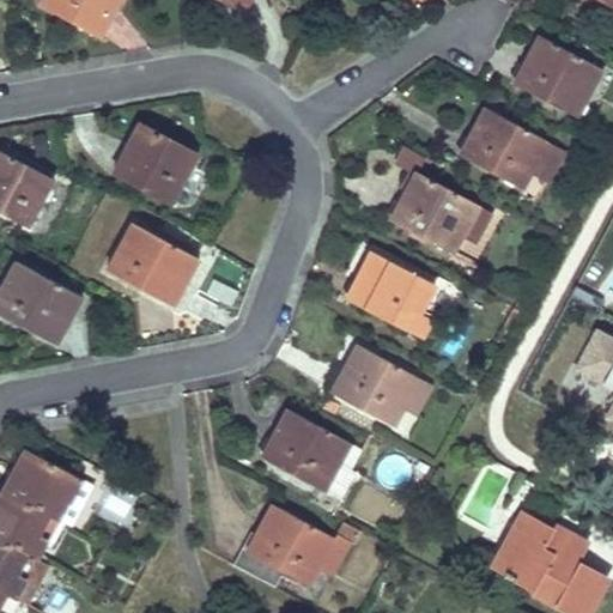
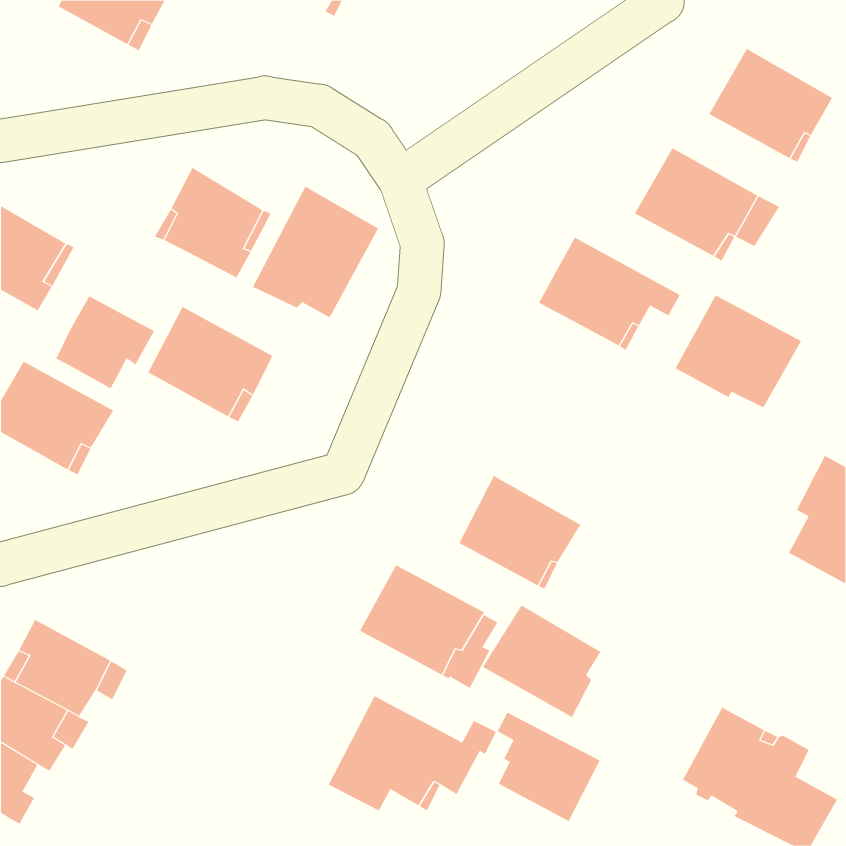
building: none -> [252,186,379,318]
building: none -> [675,294,802,408]
building: none -> [56,295,155,389]
building: [346,249,435,339] -> none
building: none -> [482,605,601,718]
building: none -> [497,712,600,822]

